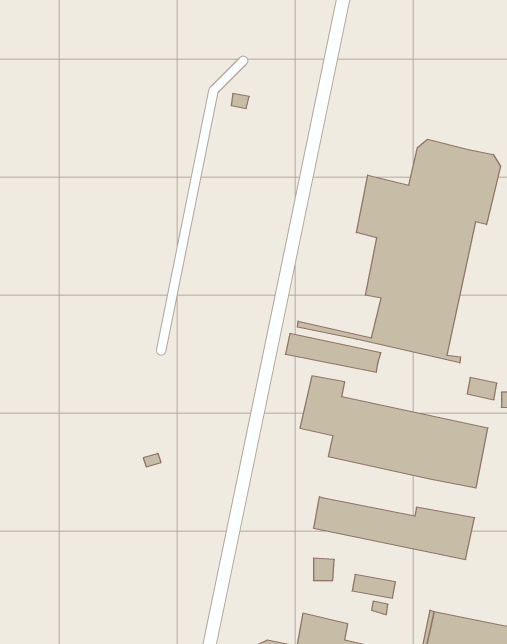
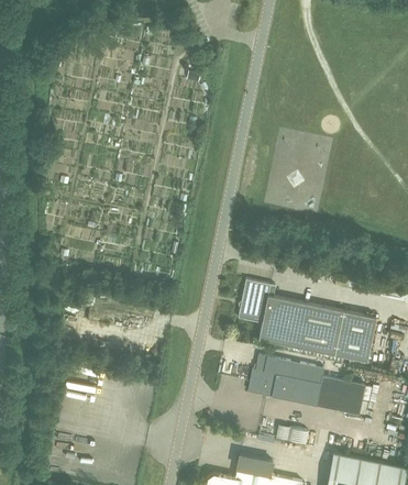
building: [297,139,500,363] -> none
building: [285,333,381,372] -> [255,355,326,384]

